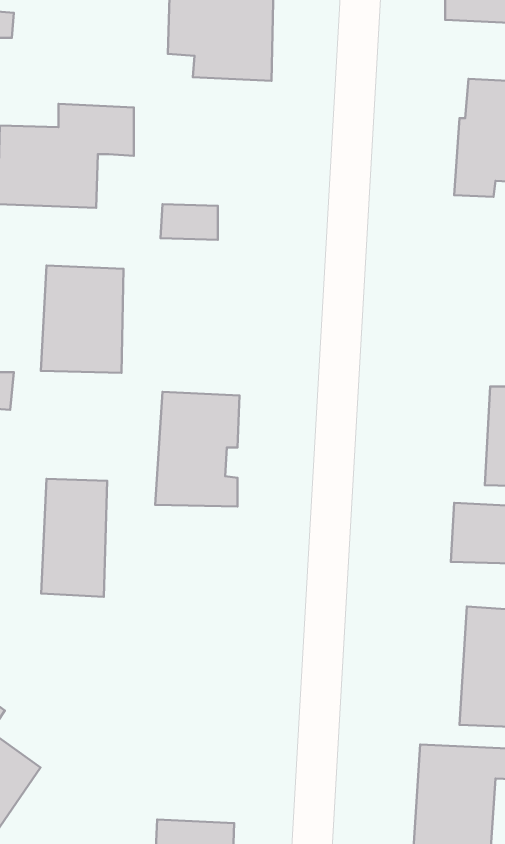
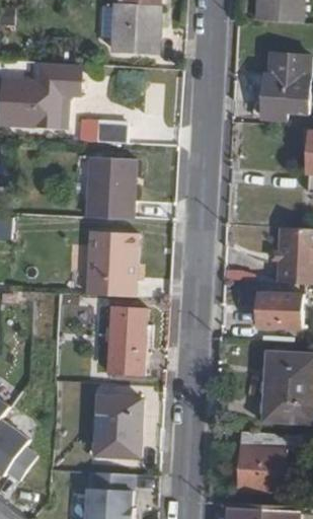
building: [41,265,123,373] -> [89,158,136,219]
building: [41,479,107,597] -> [109,307,147,374]
building: none -> [97,396,144,456]

